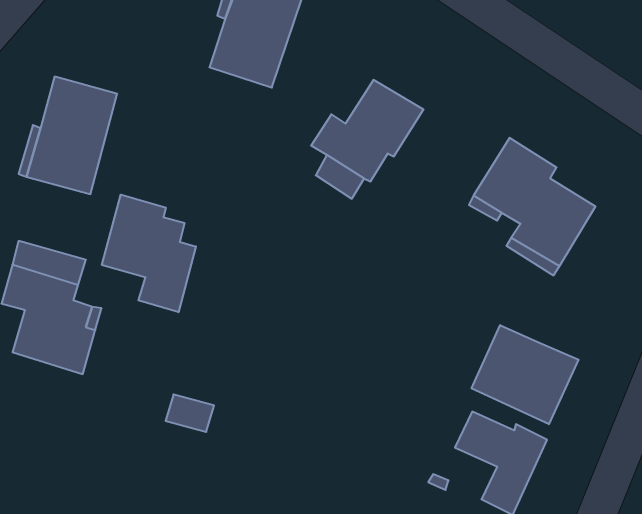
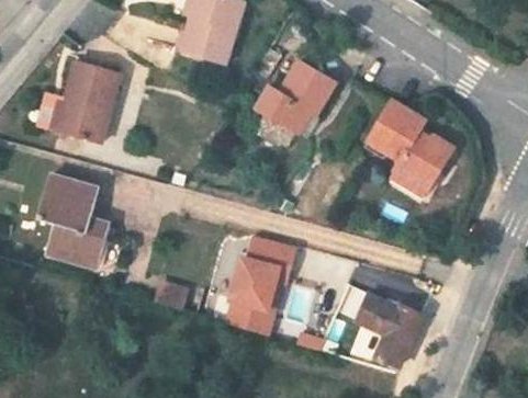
building: [102,195,196,312] -> none
building: [472,325,579,424] -> none
building: none -> [227,236,294,333]

